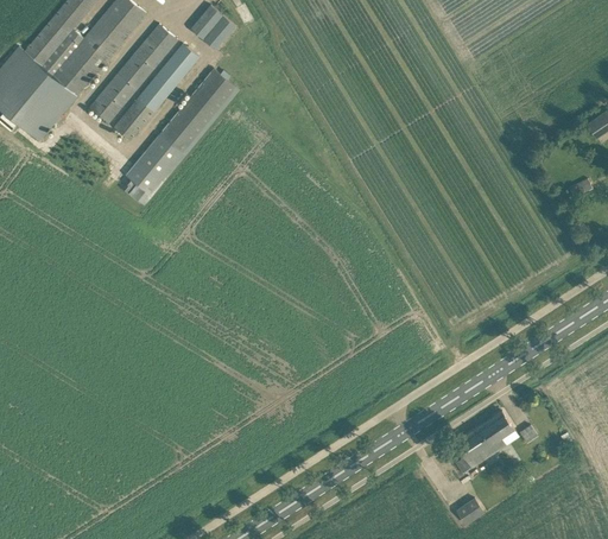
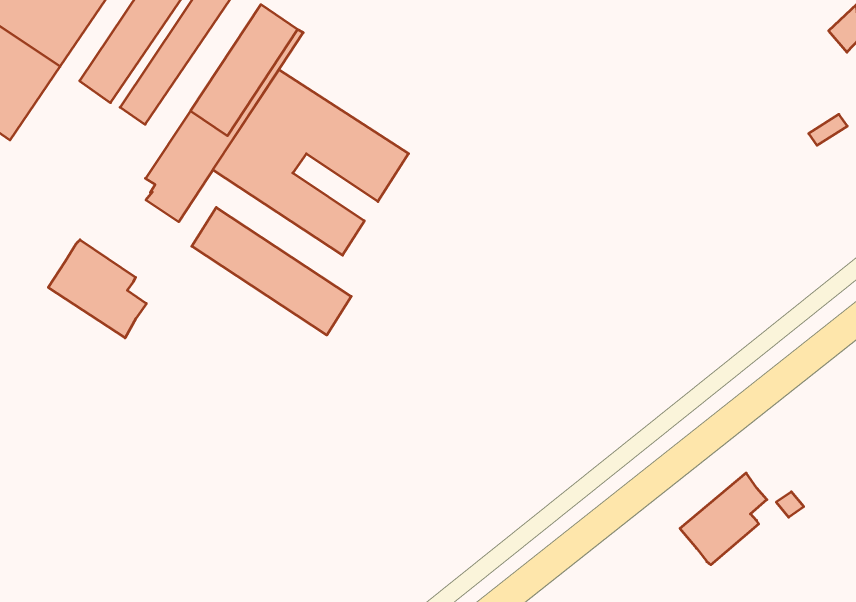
building: none -> [213,70,409,255]
building: none -> [192,207,351,335]
building: none -> [48,240,146,338]

